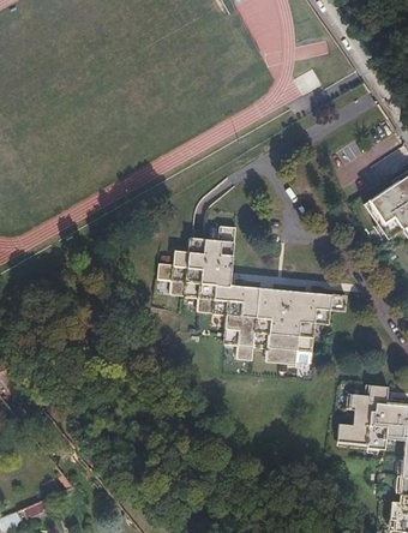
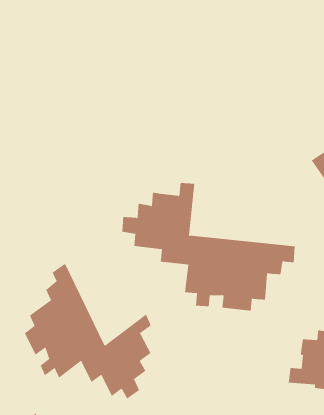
building: none -> [24,263,151,399]

